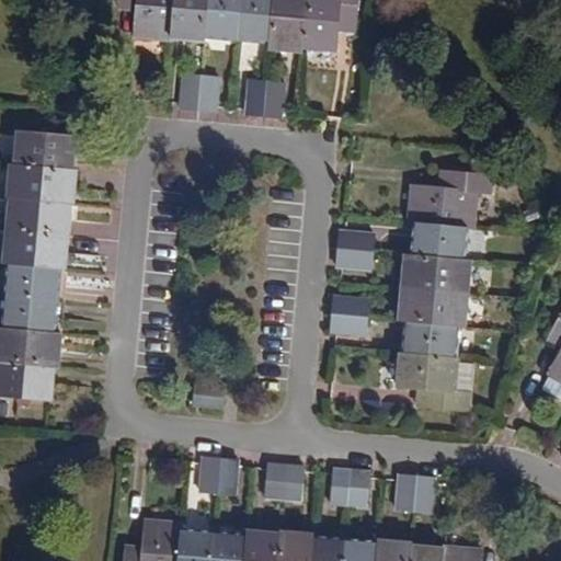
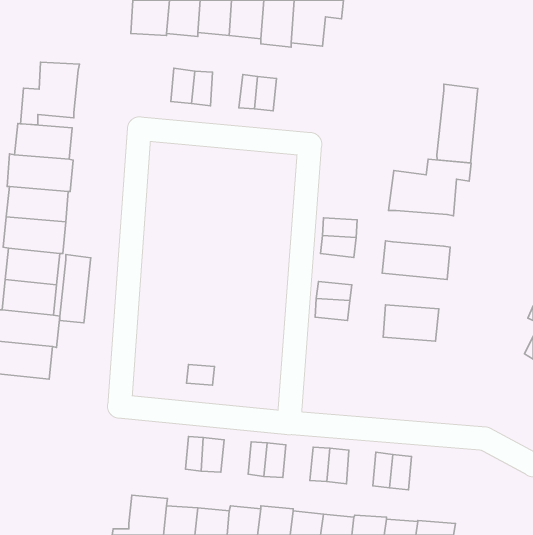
building: none -> [20,62,79,125]
building: none -> [437,84,478,163]
building: [411,220,468,257] -> none
building: none -> [60,254,91,323]
building: [398,286,468,324] -> none
building: [397,353,470,408] -> none

